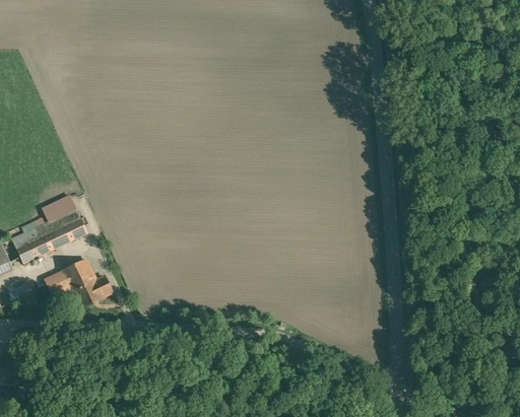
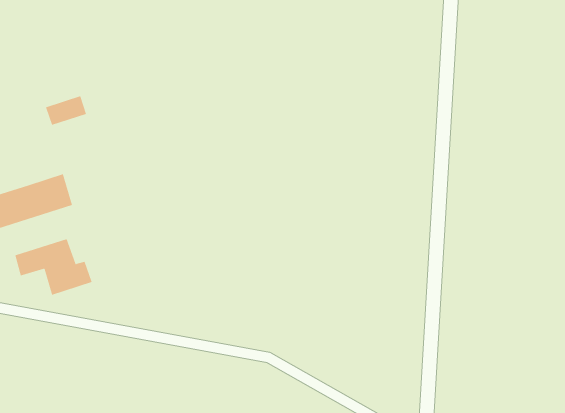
building: [41,194,75,221] -> [45,96,87,126]

